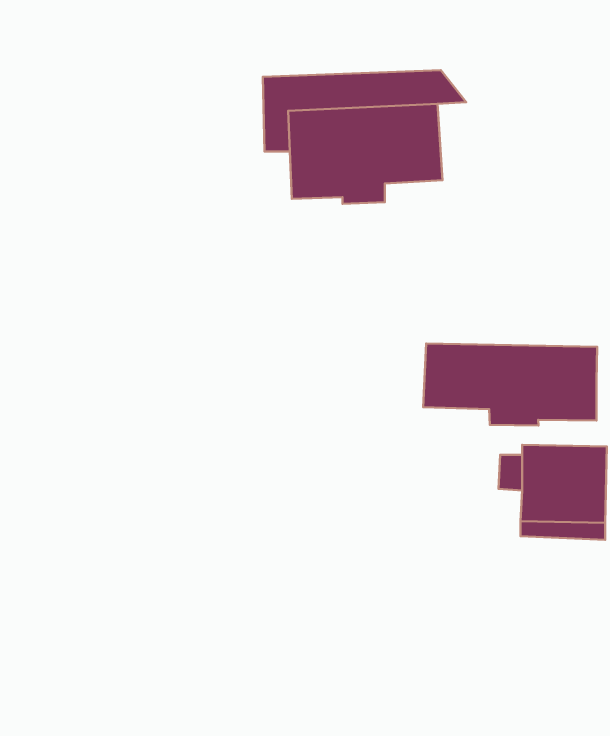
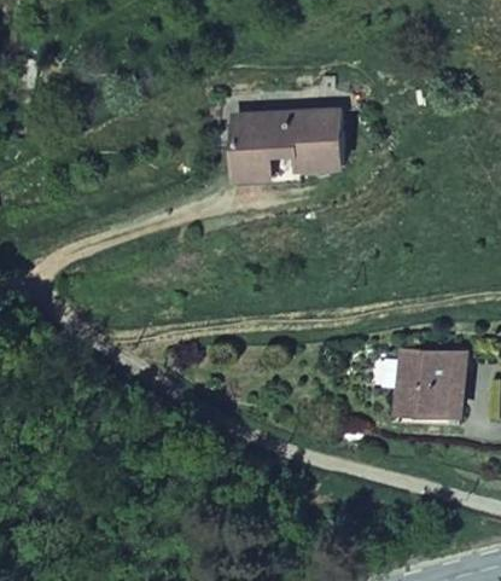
building: [423,344,597,425] -> none

